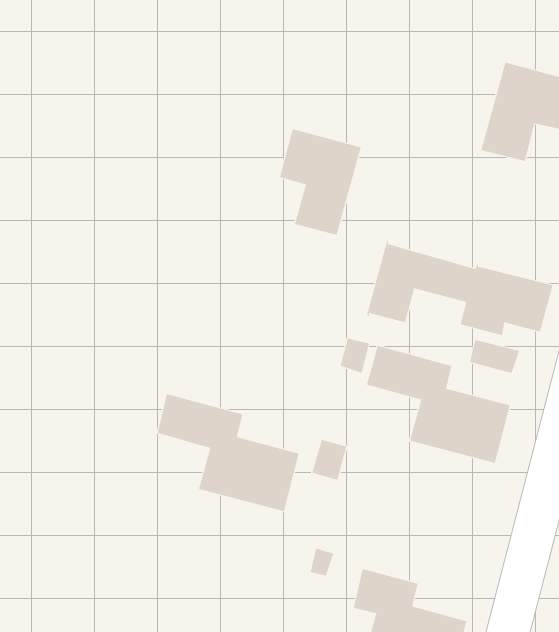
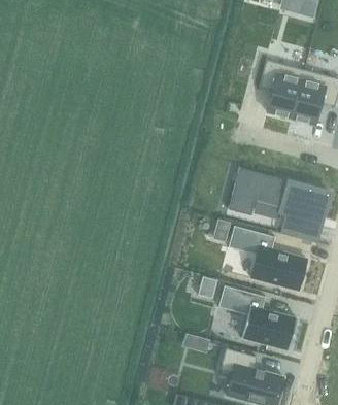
building: [279,129,362,235] -> [258,59,303,117]
building: [157,394,299,512] -> [217,284,296,349]

